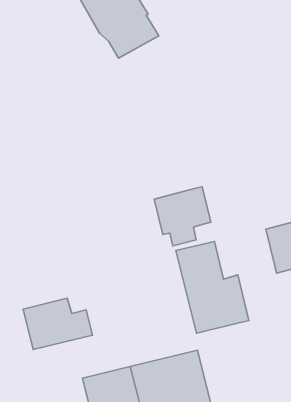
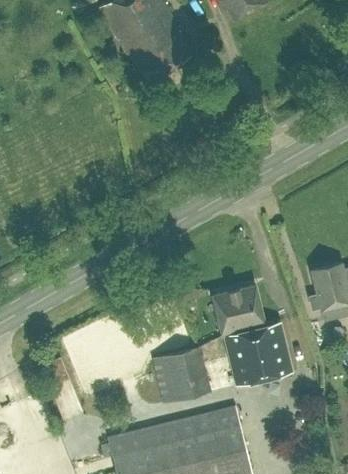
building: [154,187,211,246] -> none
building: [23,298,92,349] -> [152,347,229,404]

